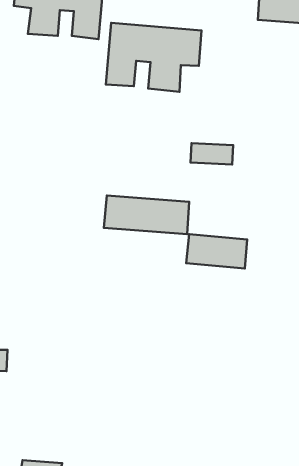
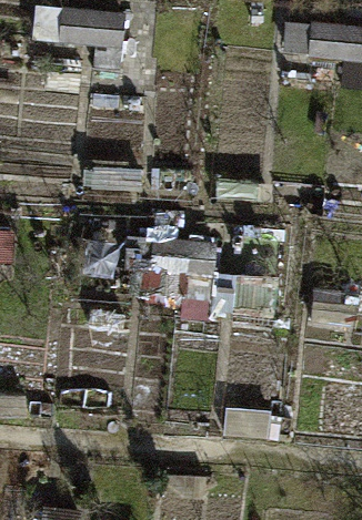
building: [106,23,201,92] -> none

